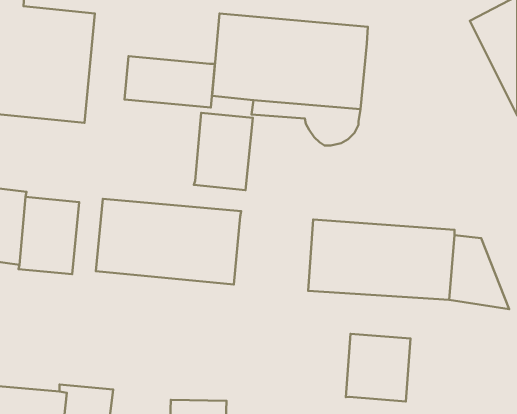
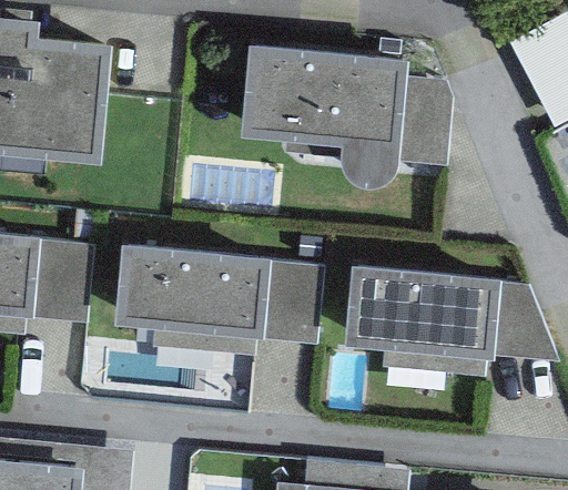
building: none -> [396,78,452,165]
building: [124,56,215,107] -> none
building: [194,113,253,190] -> [261,264,324,347]
building: [346,334,411,402] -> none

